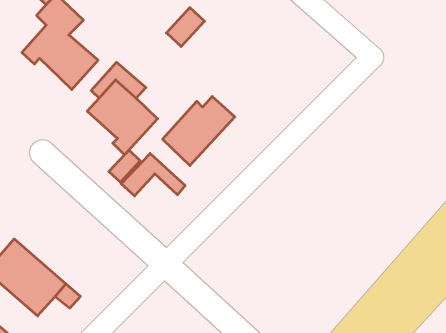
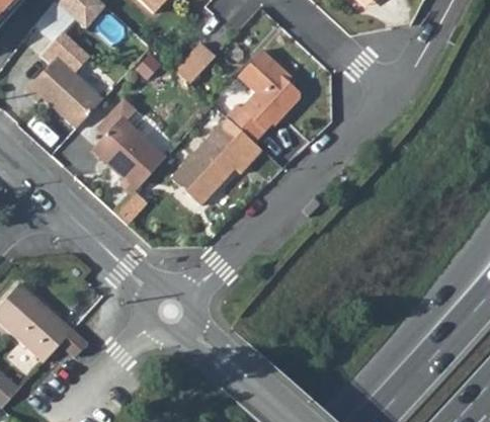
building: none -> [228,49,301,142]
building: [121,153,185,196] -> none

